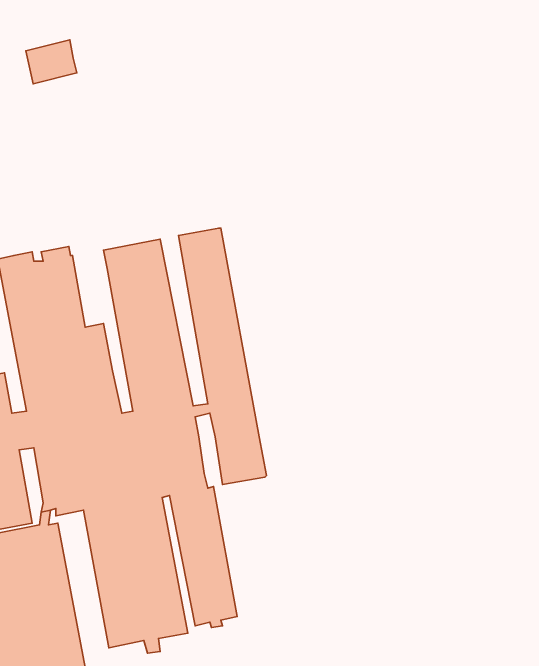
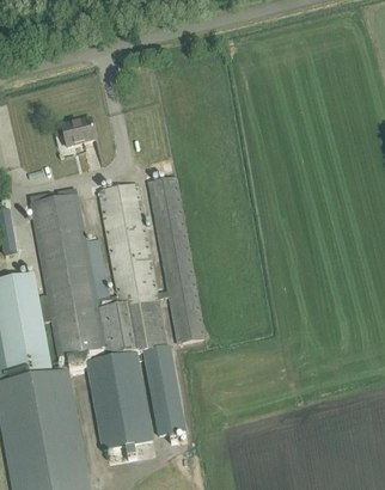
building: [26,40,77,84] -> [61,117,94,146]

